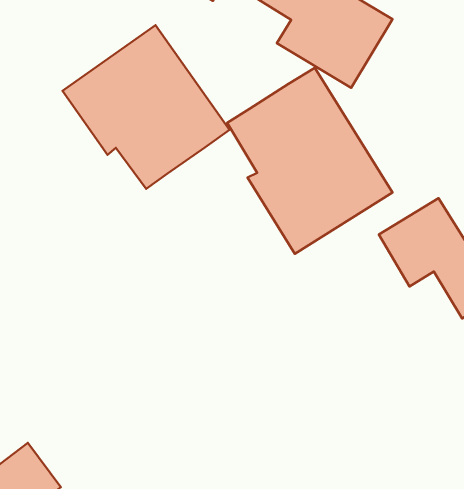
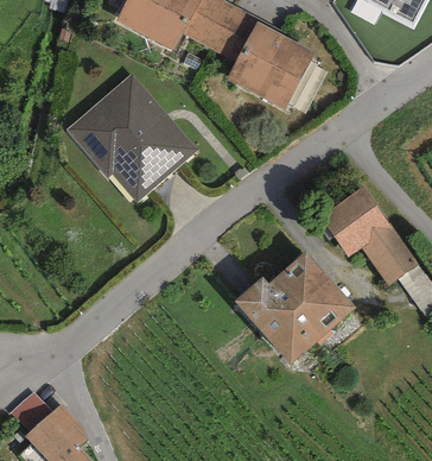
building: [227,68,393,254] -> none
building: none -> [234,253,355,367]

